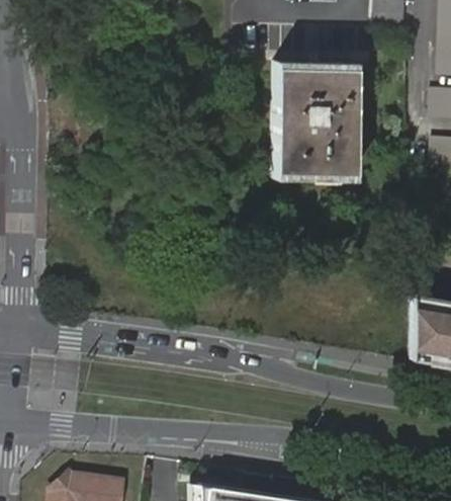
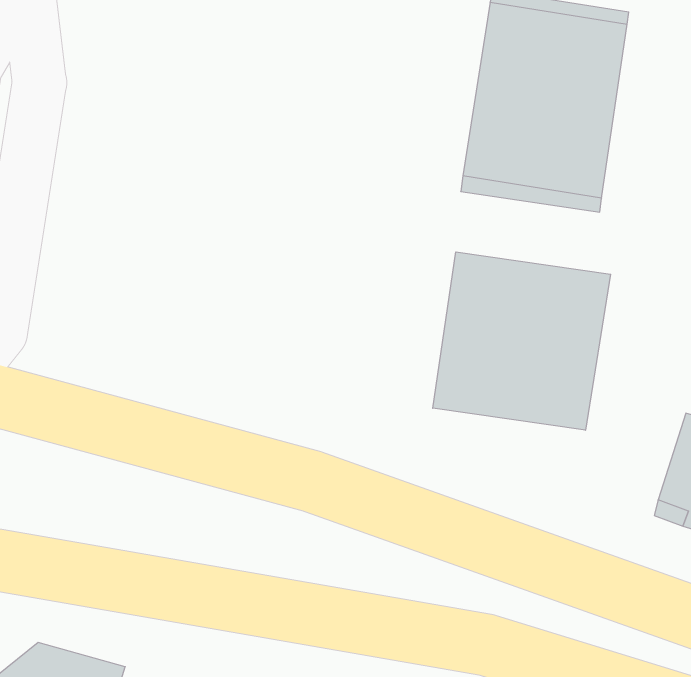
building: none -> [433,252,611,430]

